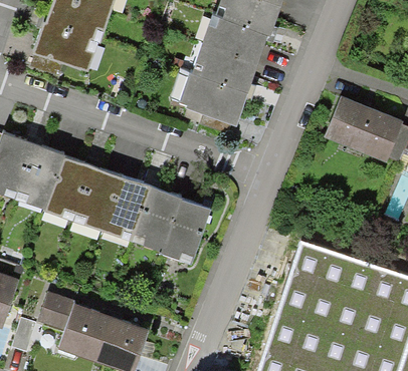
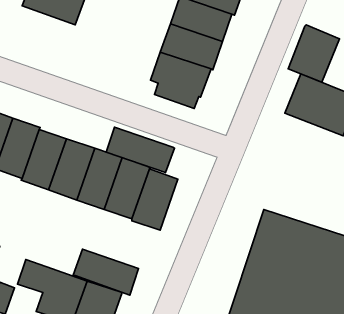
building: [32,23,99,74] -> none
building: none -> [288,25,339,82]
building: none -> [106,127,174,173]
building: none -> [73,249,138,295]

